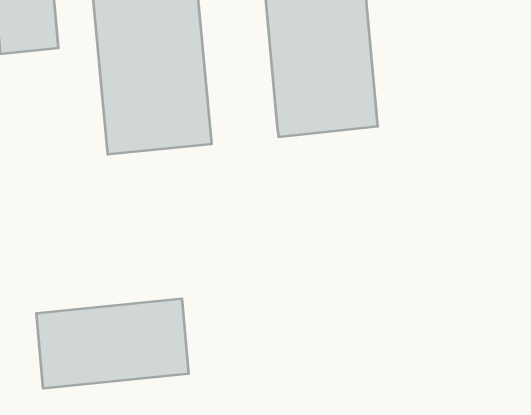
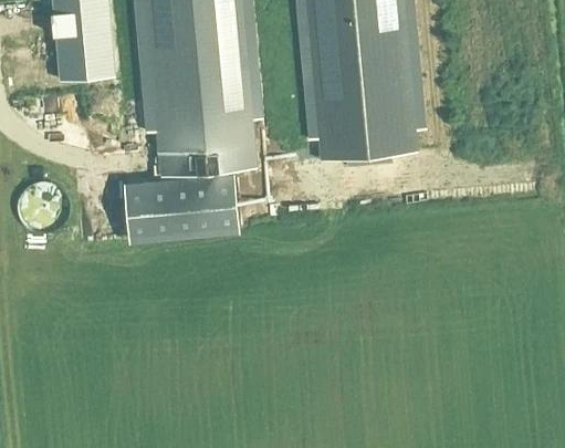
building: none -> [122,174,237,246]
building: [36,299,189,388] -> none

